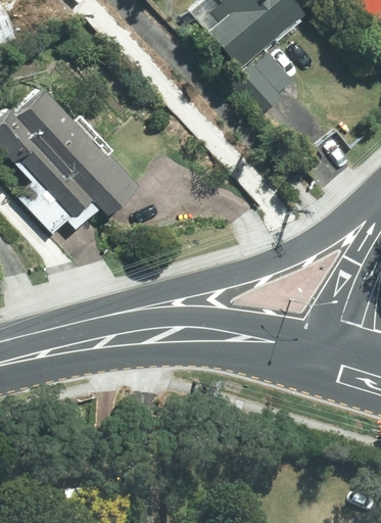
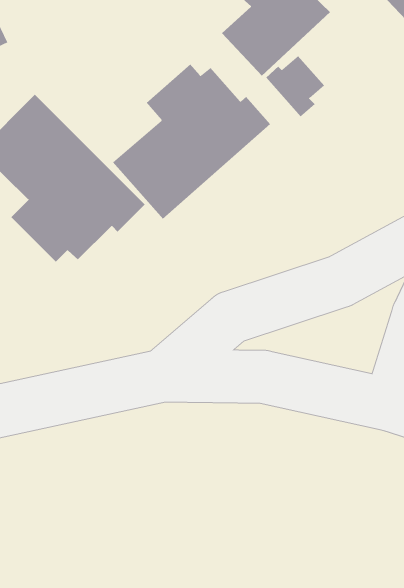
building: none -> [112,64,271,219]

